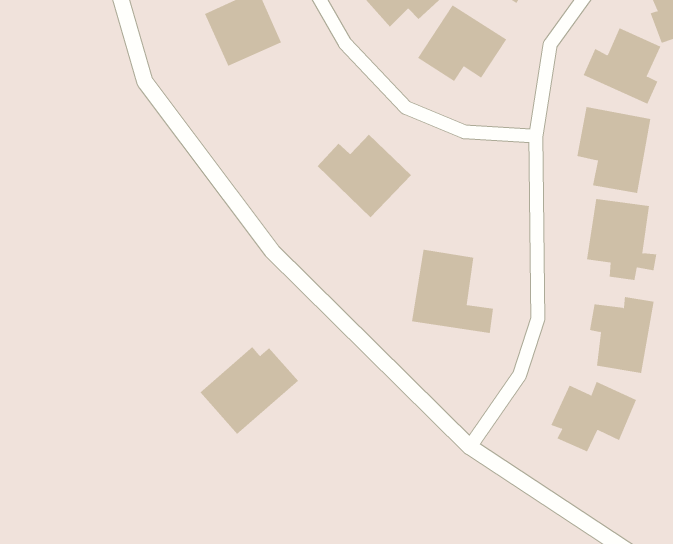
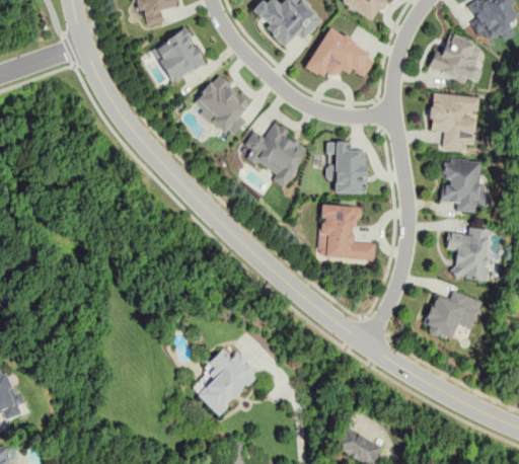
building: none -> [194,76,249,135]
building: none -> [325,142,366,194]
building: [200,346,299,435] -> [189,352,260,416]

